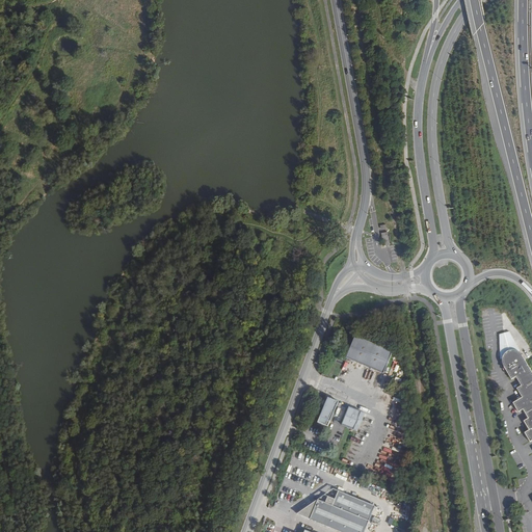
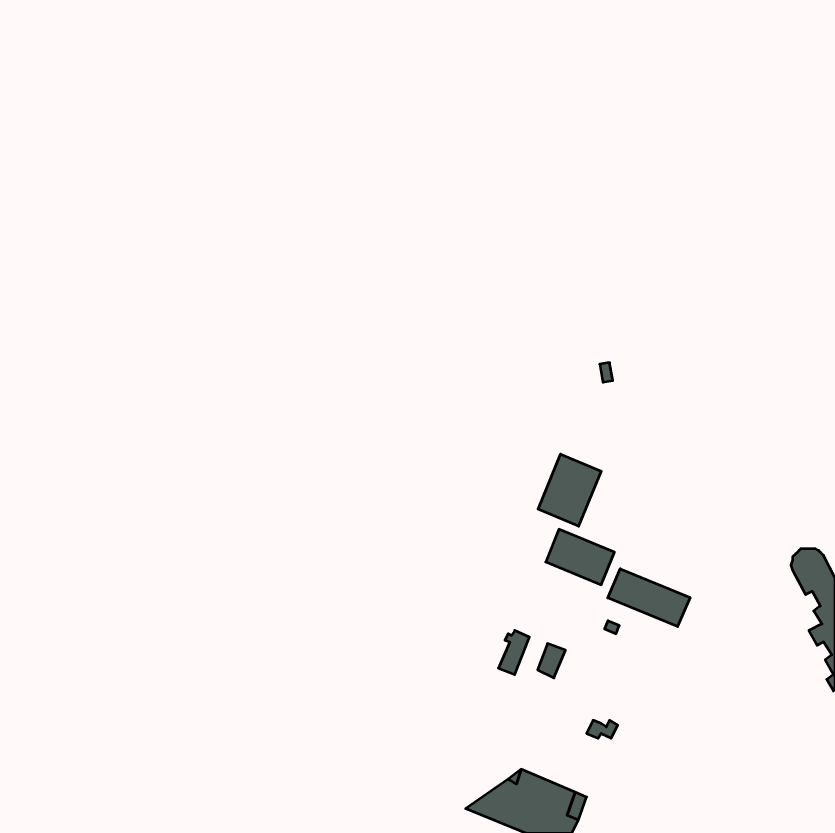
building: none -> [538,454,601,526]
building: none -> [608,569,690,627]

